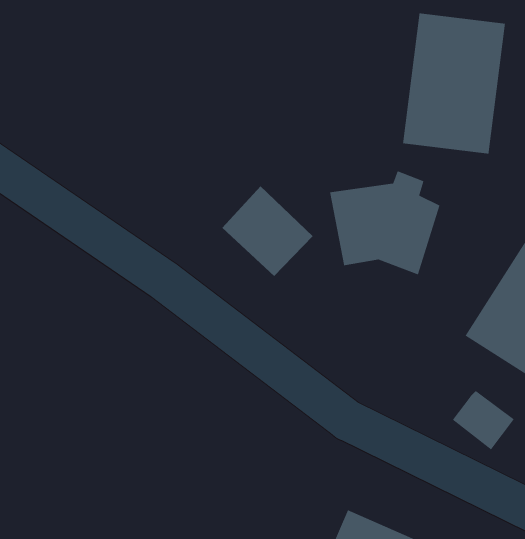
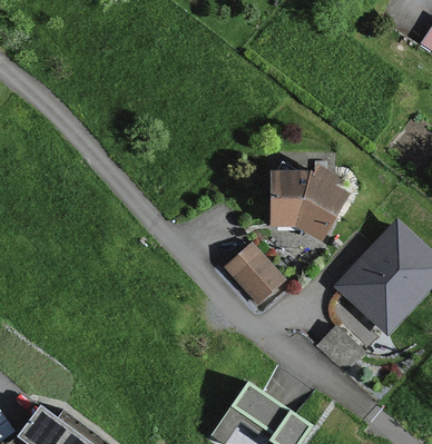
building: [402,13,506,154] -> none
building: [222,186,313,277] -> [223,241,282,303]

